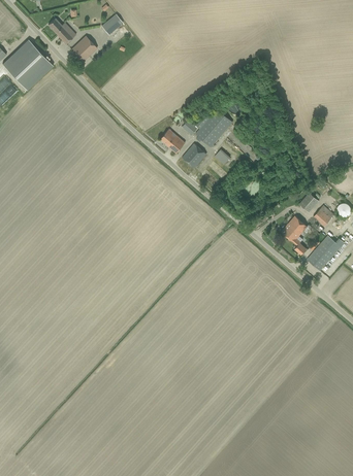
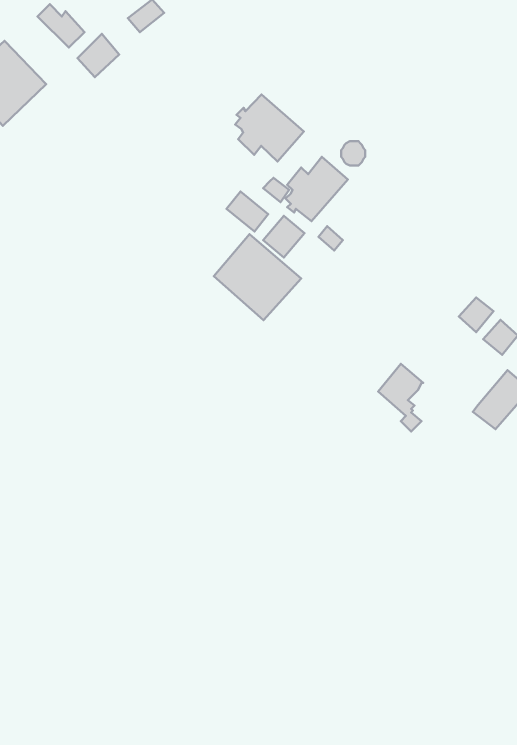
building: none -> [235,95,304,162]
building: none -> [214,234,301,320]
building: [282,215,309,256] -> [378,364,423,431]

